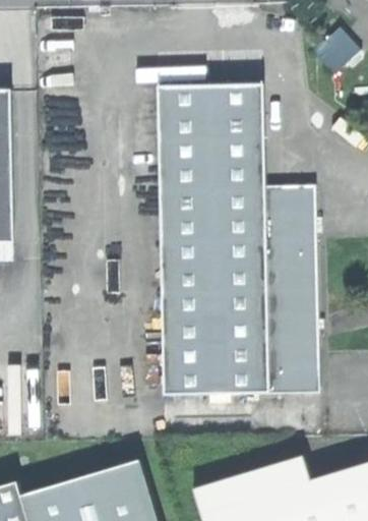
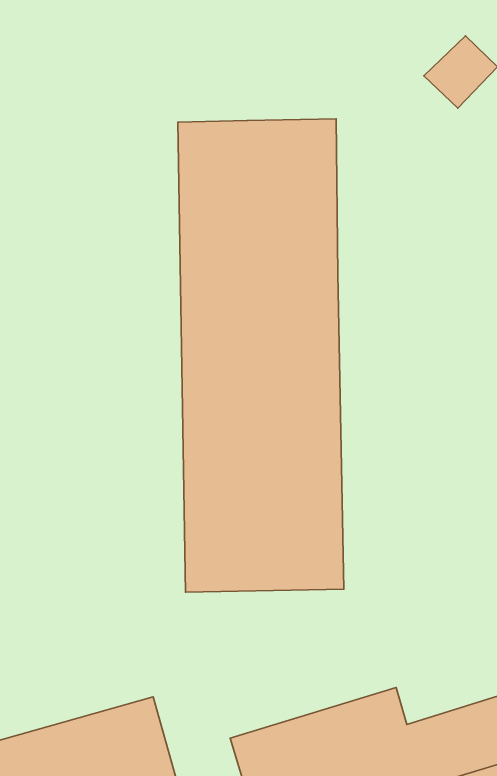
building: [261,181,317,391] -> none

